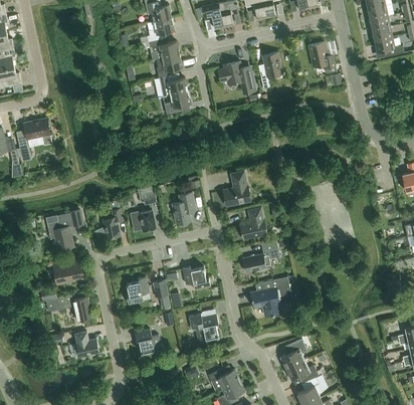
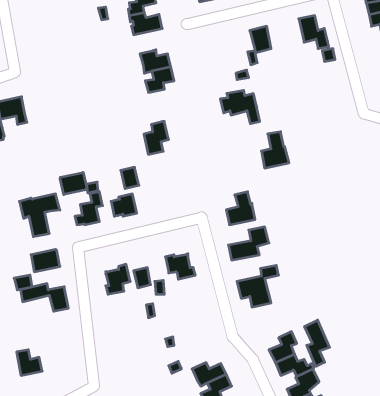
building: [156,54,182,78] -> none
building: [217,61,254,92] -> [220,90,260,124]
building: [224,172,250,206] -> [261,132,289,168]
building: none -> [60,172,87,195]
building: [172,193,195,224] -> [144,121,169,154]
building: [188,312,218,343] -> none
building: none -> [305,320,330,366]
building: [134,330,162,353] -> none
building: [74,332,98,356] -> [17,350,42,375]

